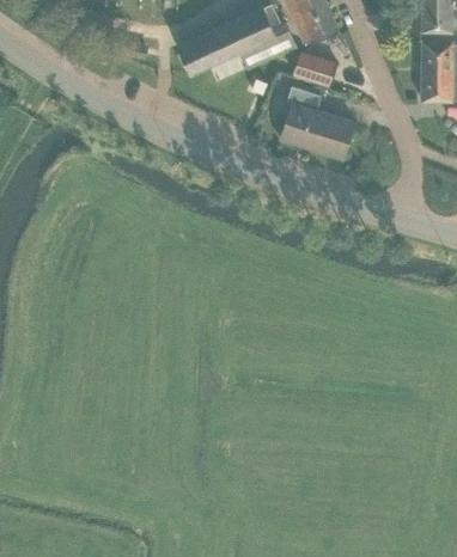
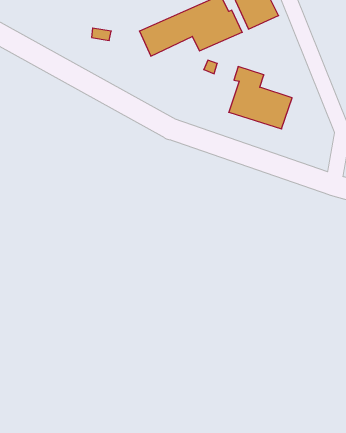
building: [280,53,333,84] -> none

